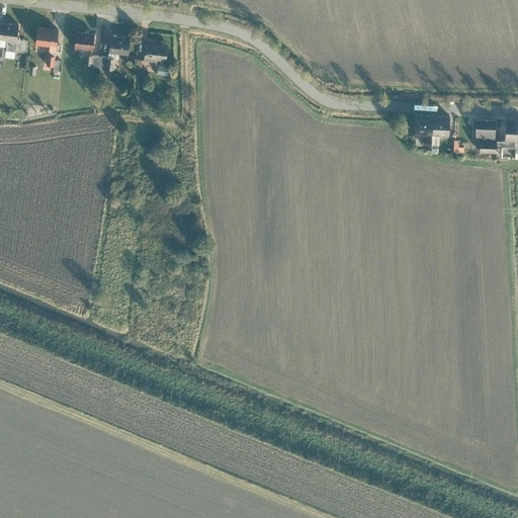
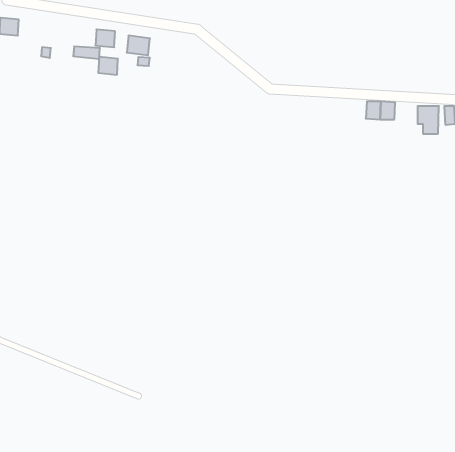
building: [36,29,59,50] -> none
building: [73,32,95,53] -> [98,57,118,75]

